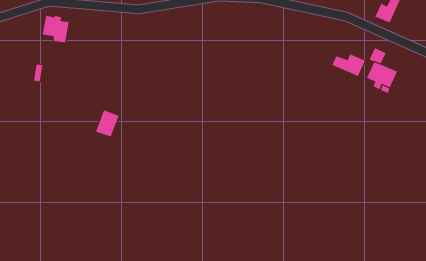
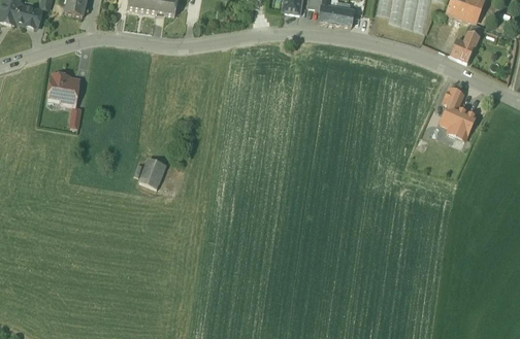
building: [42,15,70,43] -> [48,73,79,104]
building: [332,53,366,77] -> none

